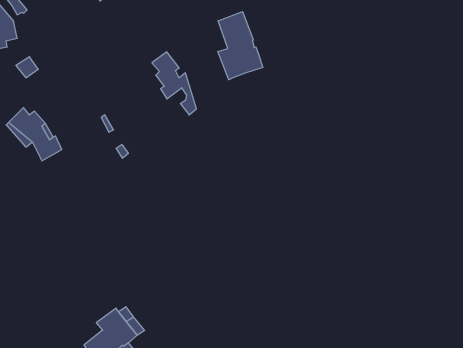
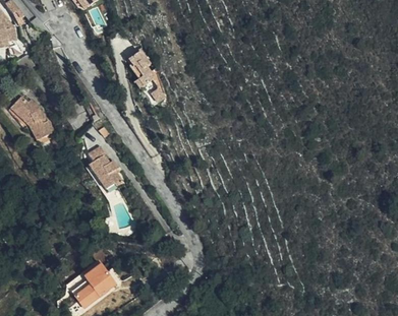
building: [218,12,263,80] -> none
building: none -> [88,145,122,192]

